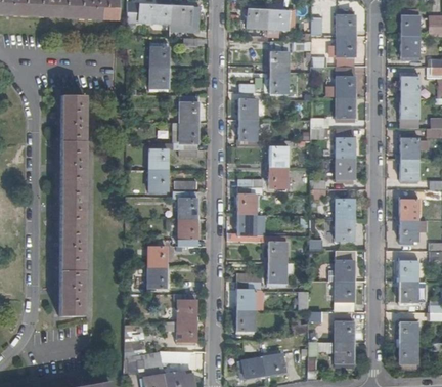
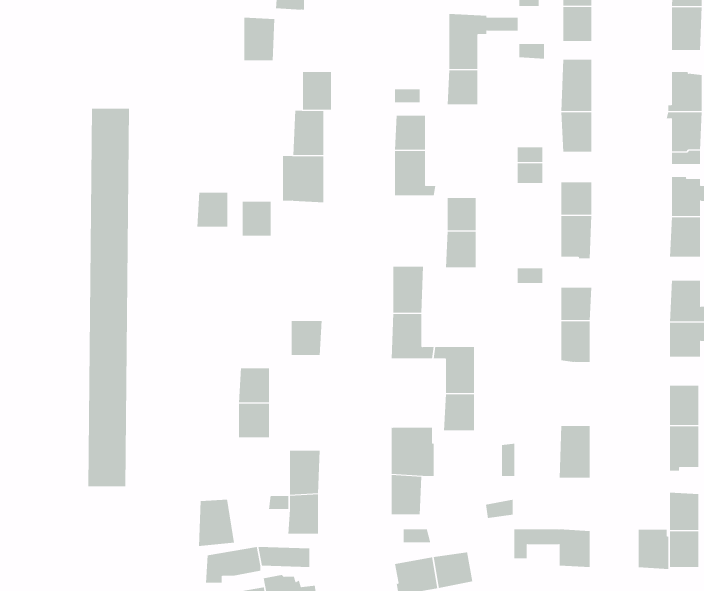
building: [150,68,168,90] -> [302,71,332,110]
building: [148,170,167,190] -> [197,192,228,227]
building: [173,191,196,219] -> none
building: [336,250,356,281] -> none
building: [335,318,353,342] -> [638,529,669,569]

